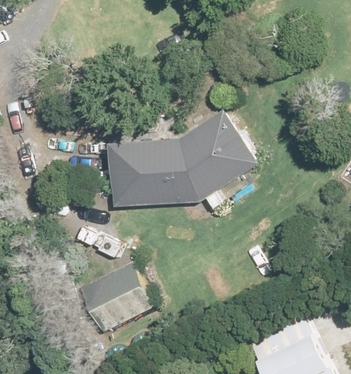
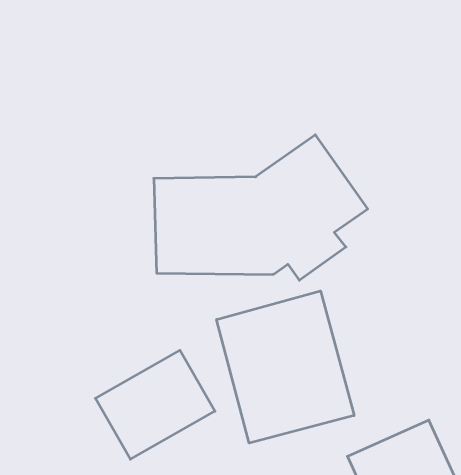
building: none -> [217,291,354,443]

